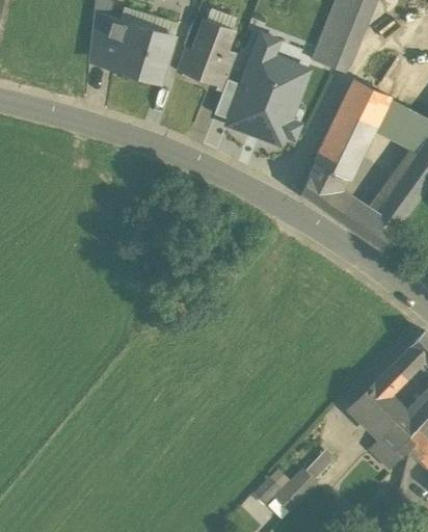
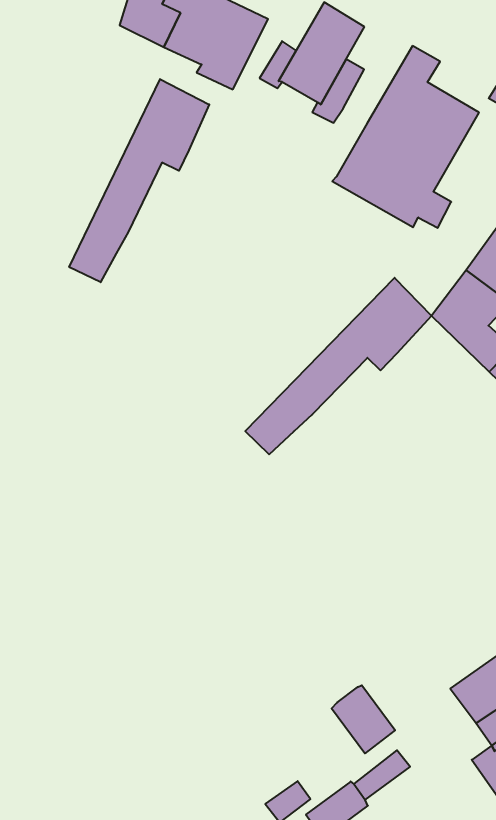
building: [214,79,243,119] -> none
building: none -> [69,79,209,282]
building: none -> [245,278,431,454]
building: none -> [332,685,395,753]

